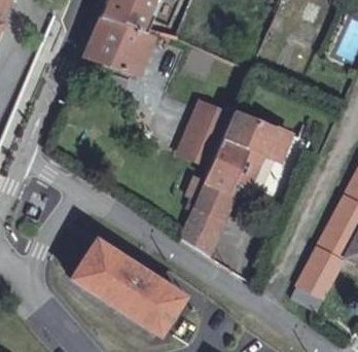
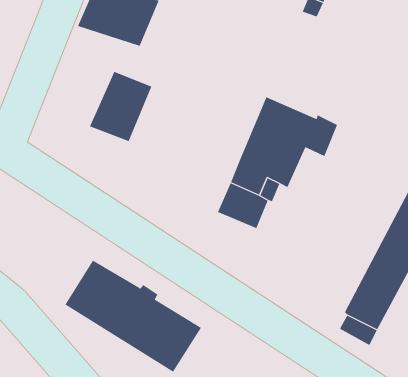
building: [181,106,231,163] -> [89,71,152,142]
building: [182,204,227,254] -> none

